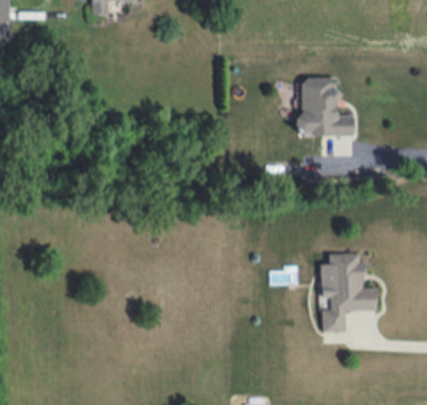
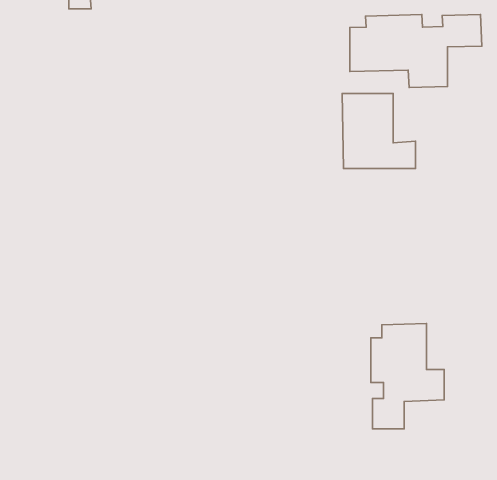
building: none -> [350,15,482,87]

